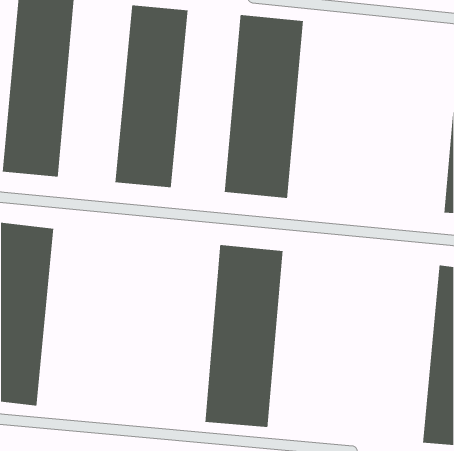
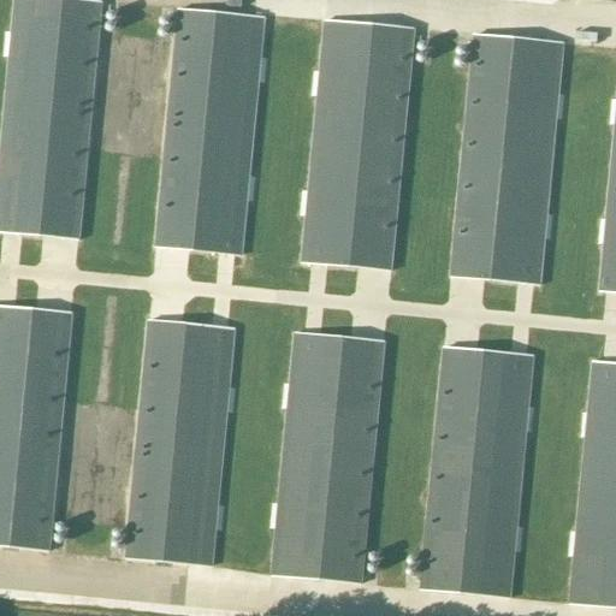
building: none -> [451,34,561,283]
building: none -> [128,316,226,565]
building: none -> [421,344,532,594]

